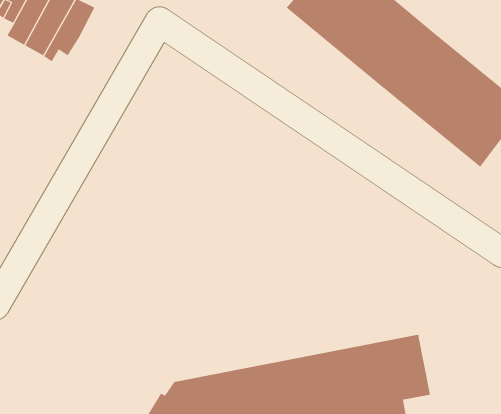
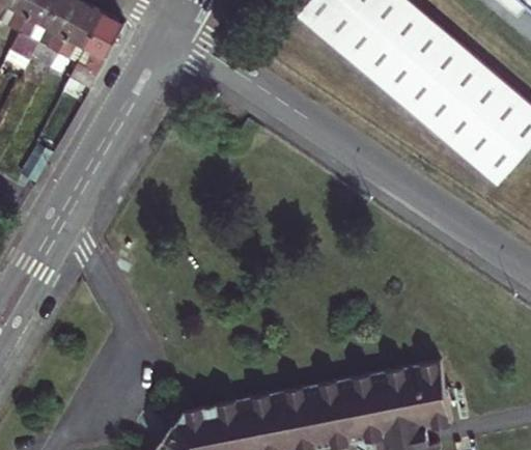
building: none -> [67,19,122,91]

